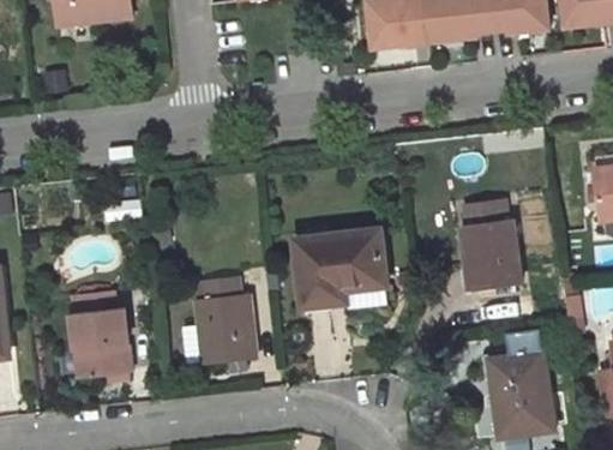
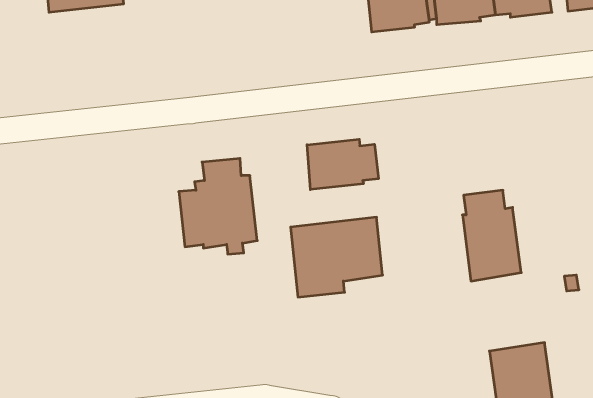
building: none -> [307,139,378,190]
building: [180,277,257,371] -> [179,158,257,254]
building: [71,292,133,378] -> none

